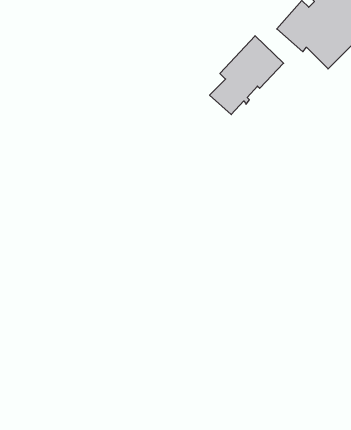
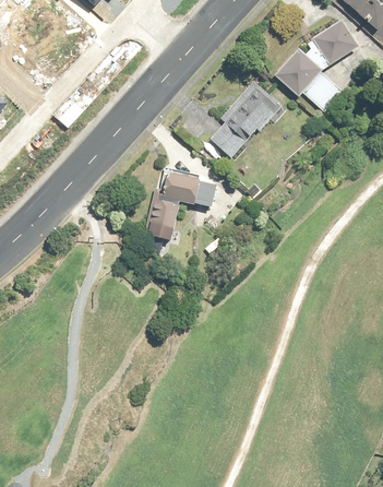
building: none -> [151,171,217,241]

